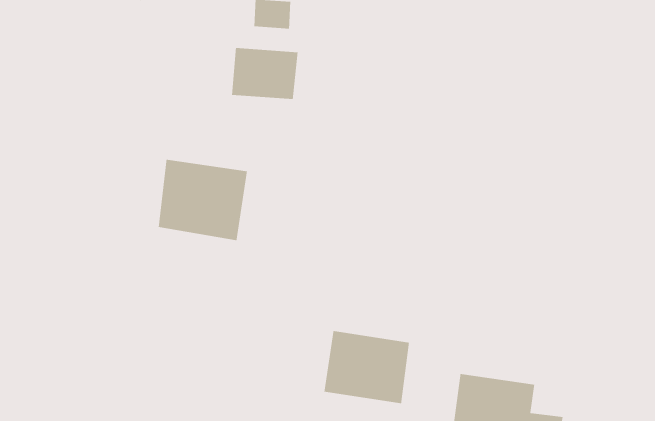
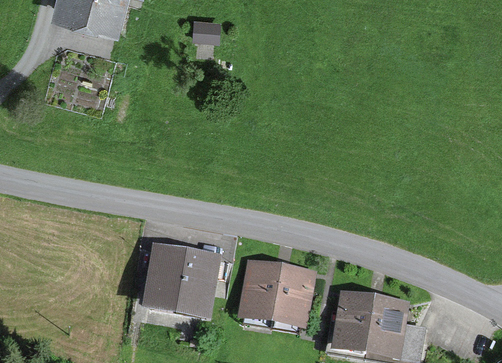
building: [231,47,298,100] -> none
building: [158,159,248,241] -> [146,251,213,312]

